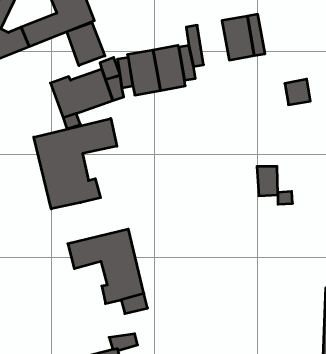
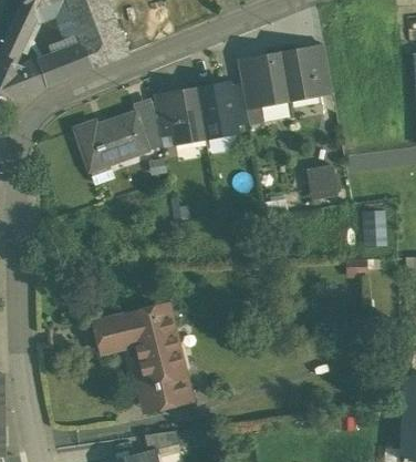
building: none -> [251,53,290,106]
building: [67,22,105,66] -> none
building: [285,79,310,105] -> [306,165,337,196]
building: [34,118,117,209] -> none
building: [257,166,278,196] -> [362,208,387,244]

